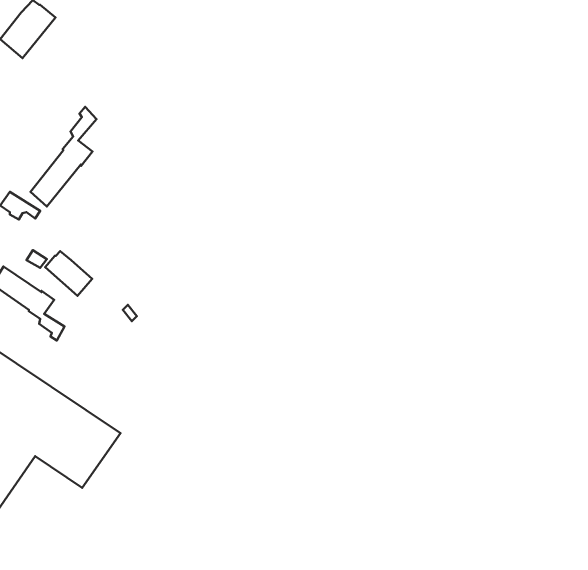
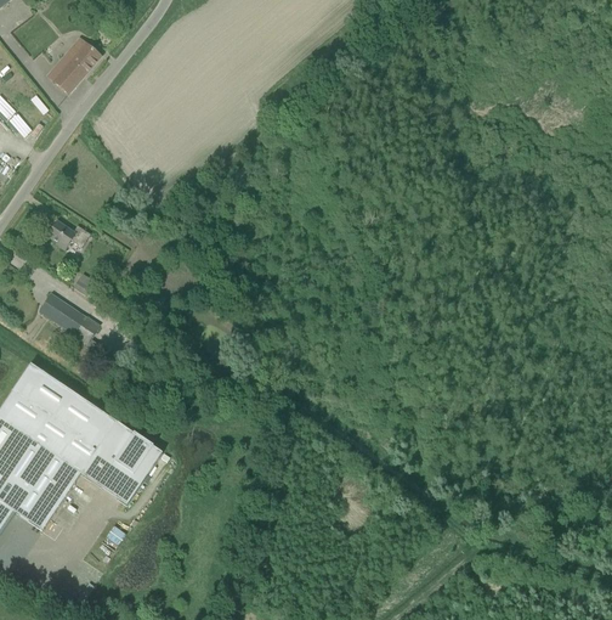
building: [31,107,97,206] -> none
building: [45,251,92,296] -> none

